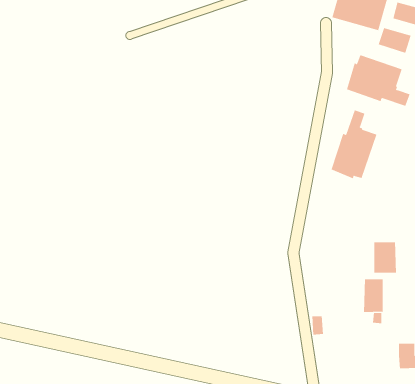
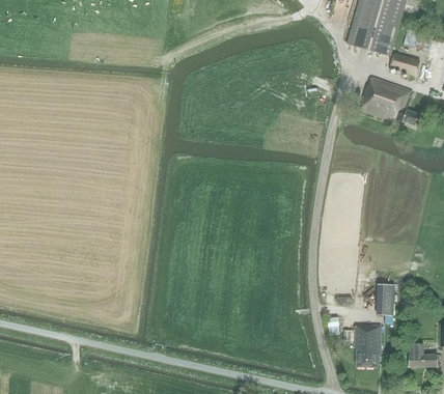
building: [331,110,377,179] -> none
building: [374,241,397,274] -> none
building: none -> [354,325,381,366]

